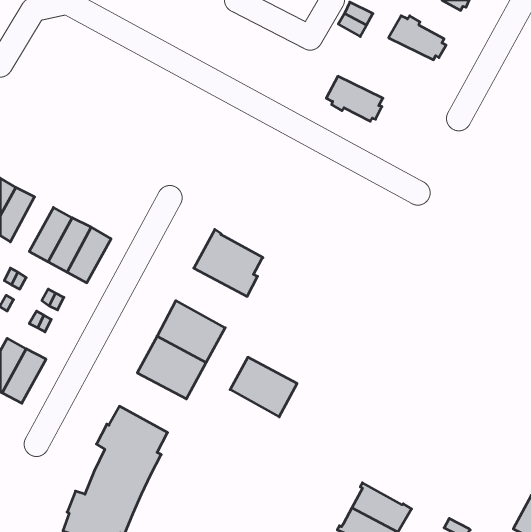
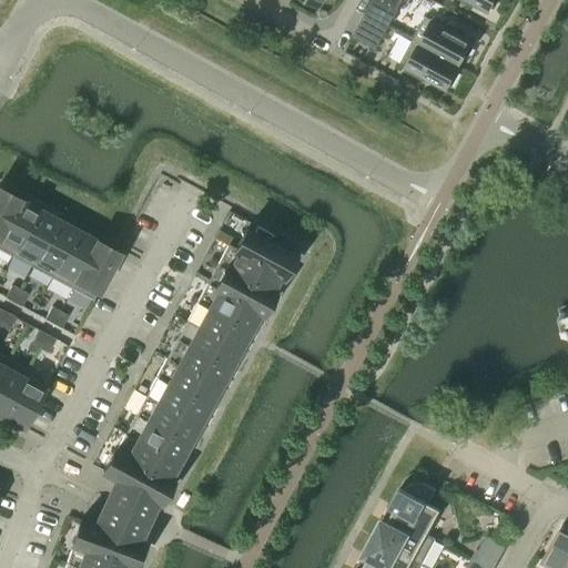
building: [326,76,383,121] -> [404,43,464,91]
building: none -> [16,212,61,270]
building: none -> [239,230,297,280]
building: [230,357,297,417] -> [191,287,262,351]
building: none -> [131,398,202,462]
building: none -> [388,485,445,538]

